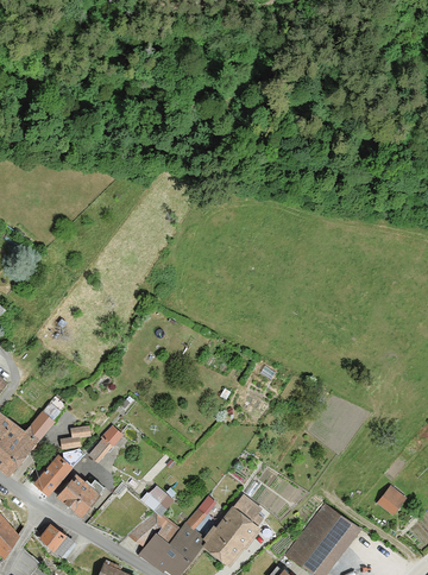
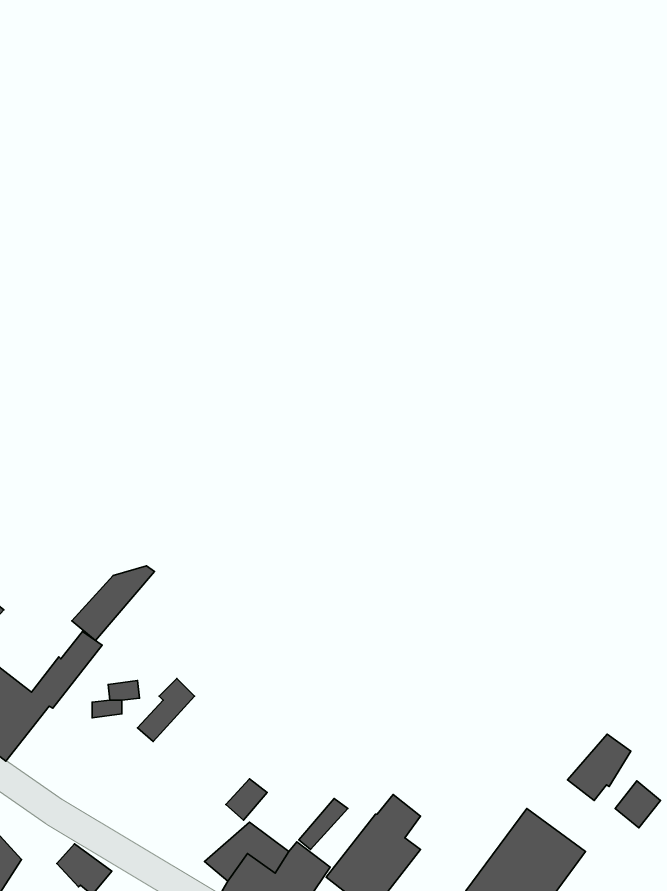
building: [34,450,84,495] -> [72,566,154,640]
building: none -> [568,734,631,801]
building: [58,475,105,517] -> none

